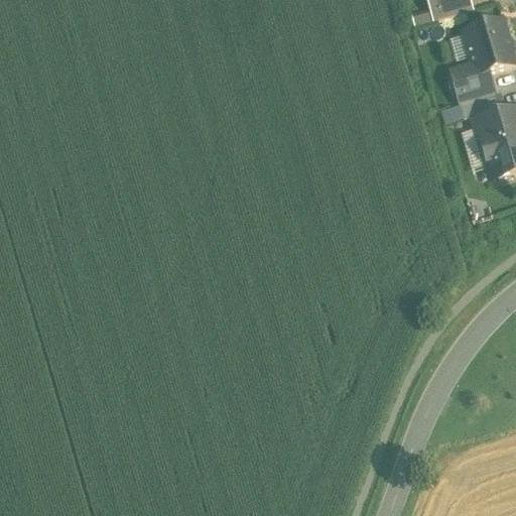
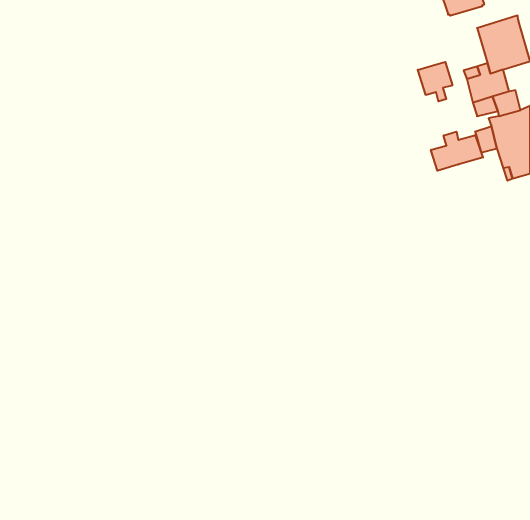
building: none -> [418,62,452,101]
building: none -> [431,132,483,171]

